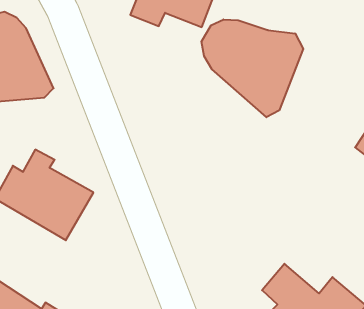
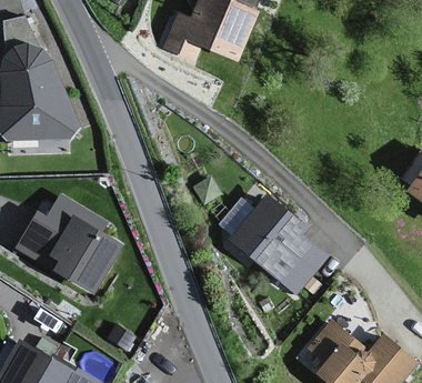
building: [202,19,303,117] -> none
building: none -> [232,195,326,293]

